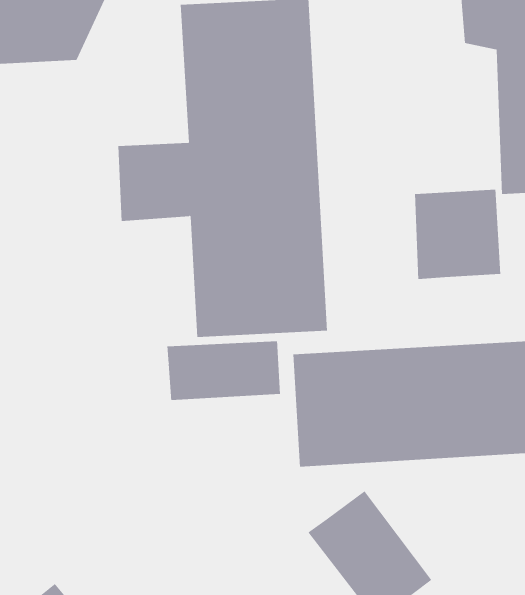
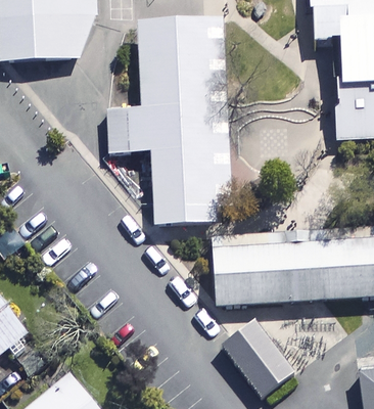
building: [414,189,501,280] -> none
building: [167,341,281,401] -> none

